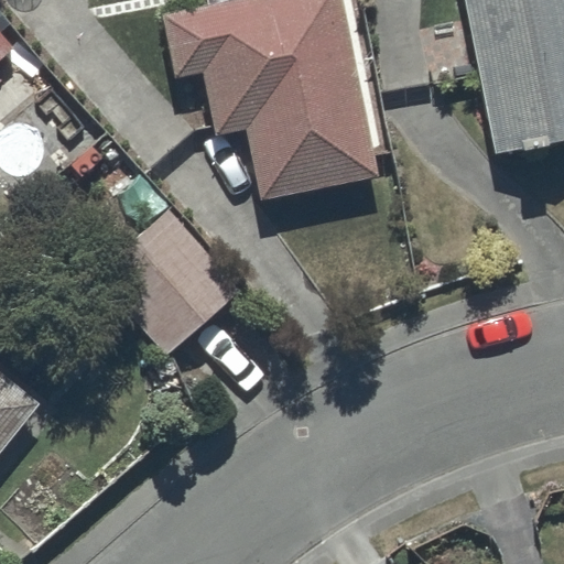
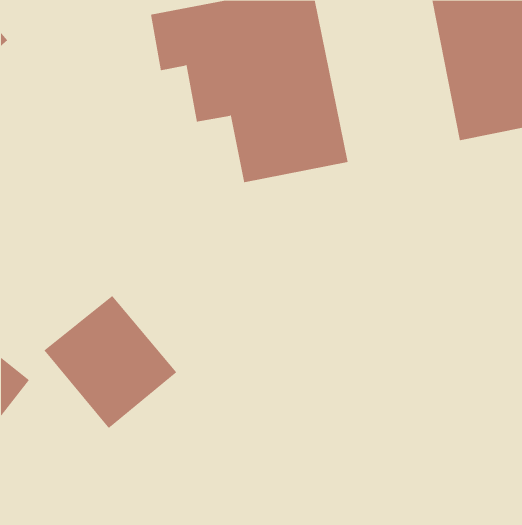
building: [96,208,239,351] -> [44,295,177,429]

